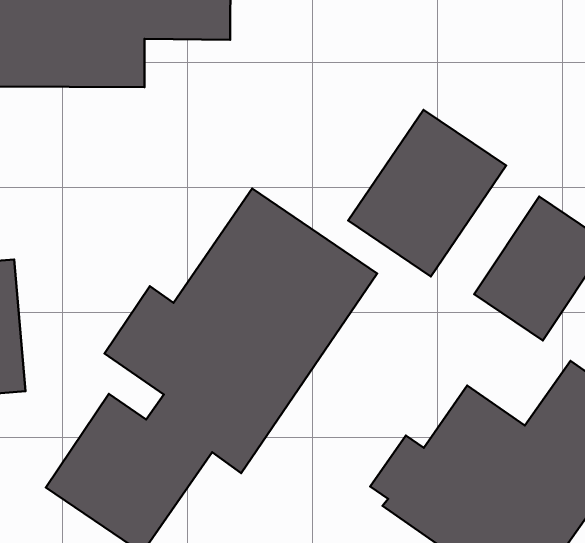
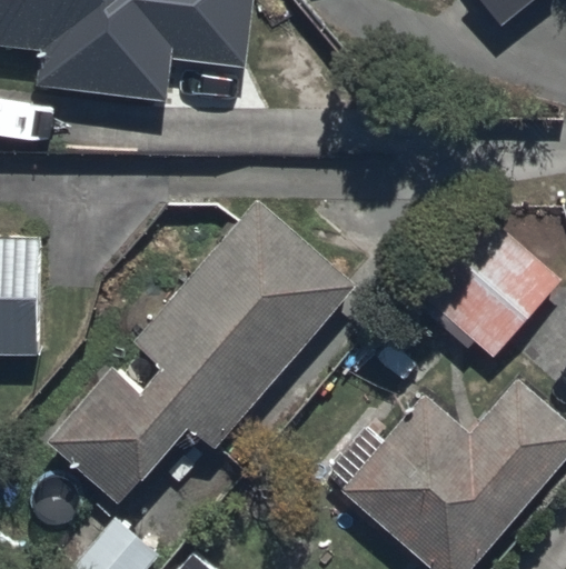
building: [348,110,506,276] -> none

